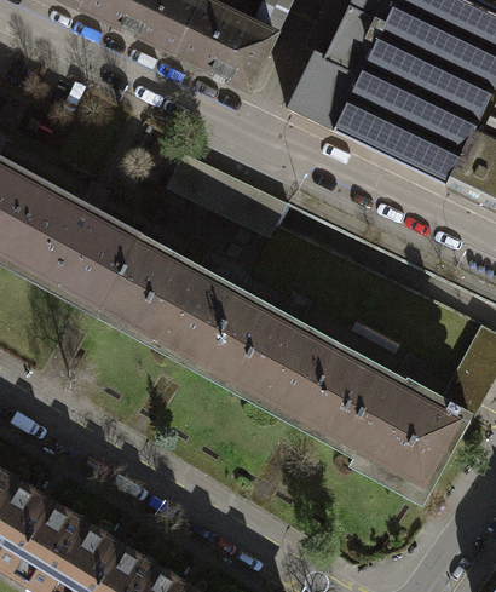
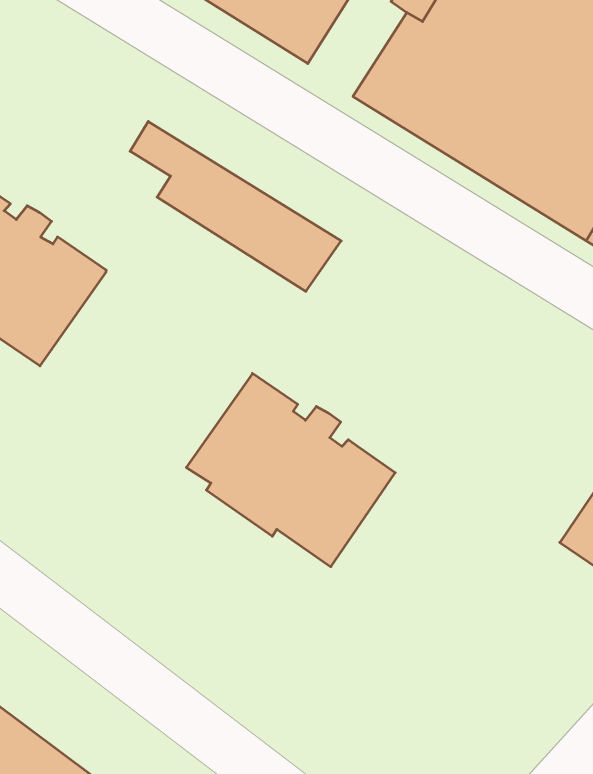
building: [103,237,241,358] -> none
building: [305,347,466,493] -> none

